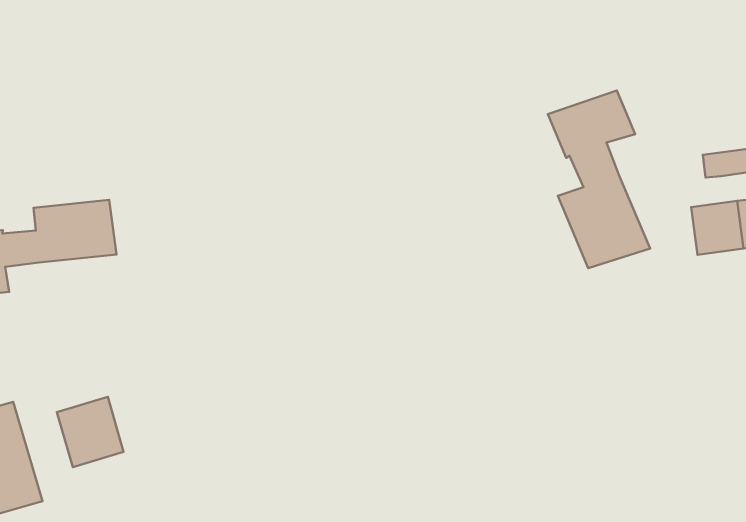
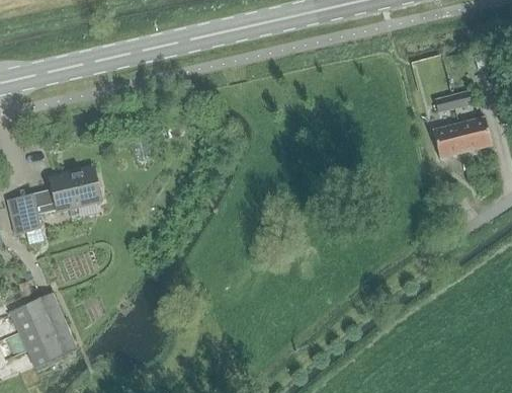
building: [548,90,650,268] -> none
building: [57,397,124,467] -> none

